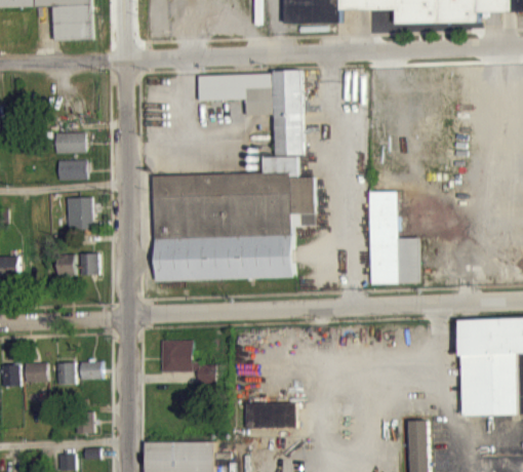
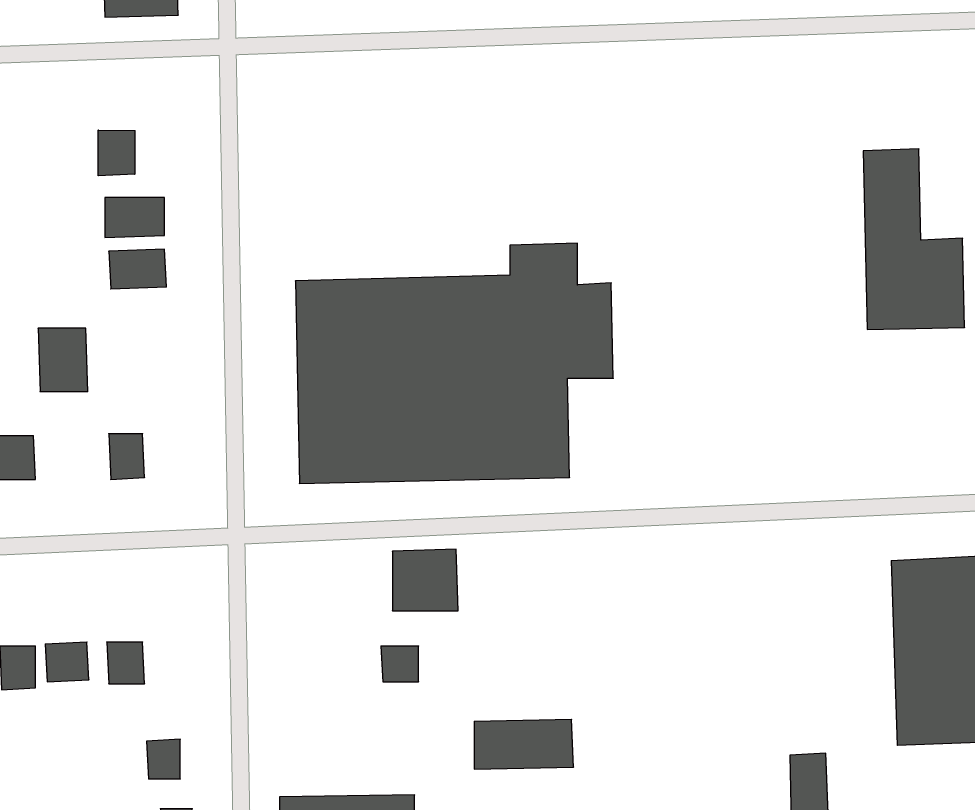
building: [198,72,304,155] -> none
building: none -> [98,130,135,176]
building: [369,191,421,284] -> [863,149,965,329]
building: [66,197,91,230] -> [38,328,88,392]
building: [80,253,98,275] -> none
building: [160,340,194,371] -> [392,549,458,611]
building: [80,360,103,379] -> none

